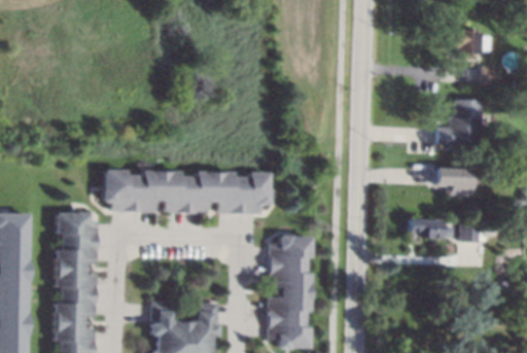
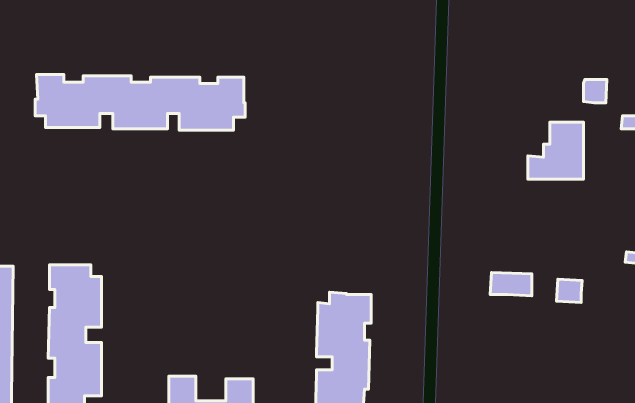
building: [452,28,491,55] -> none
building: [433,168,471,195] -> none
building: [102,169,269,213] -> [35,74,245,130]

